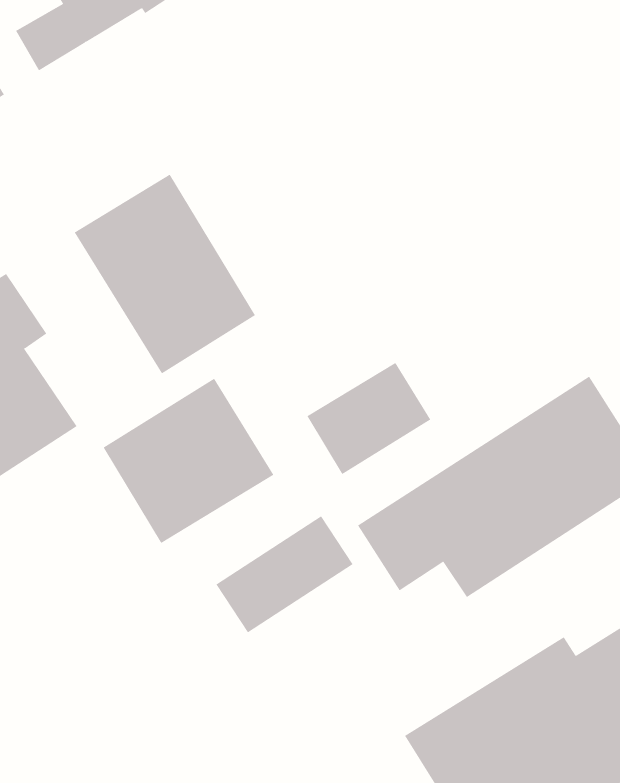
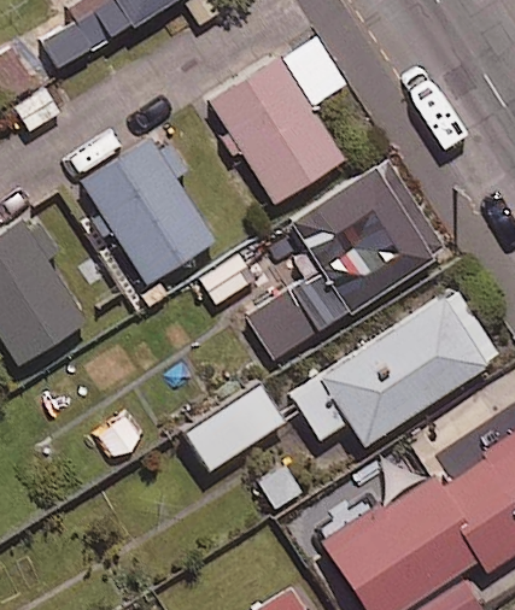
building: none -> [210,36,344,204]
building: none -> [295,162,446,312]
building: [103,378,274,544] -> none

